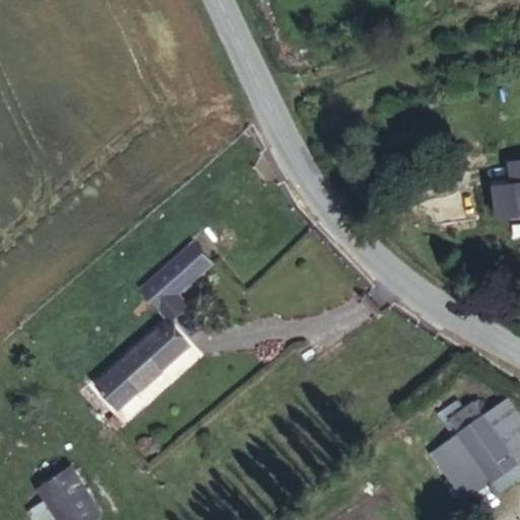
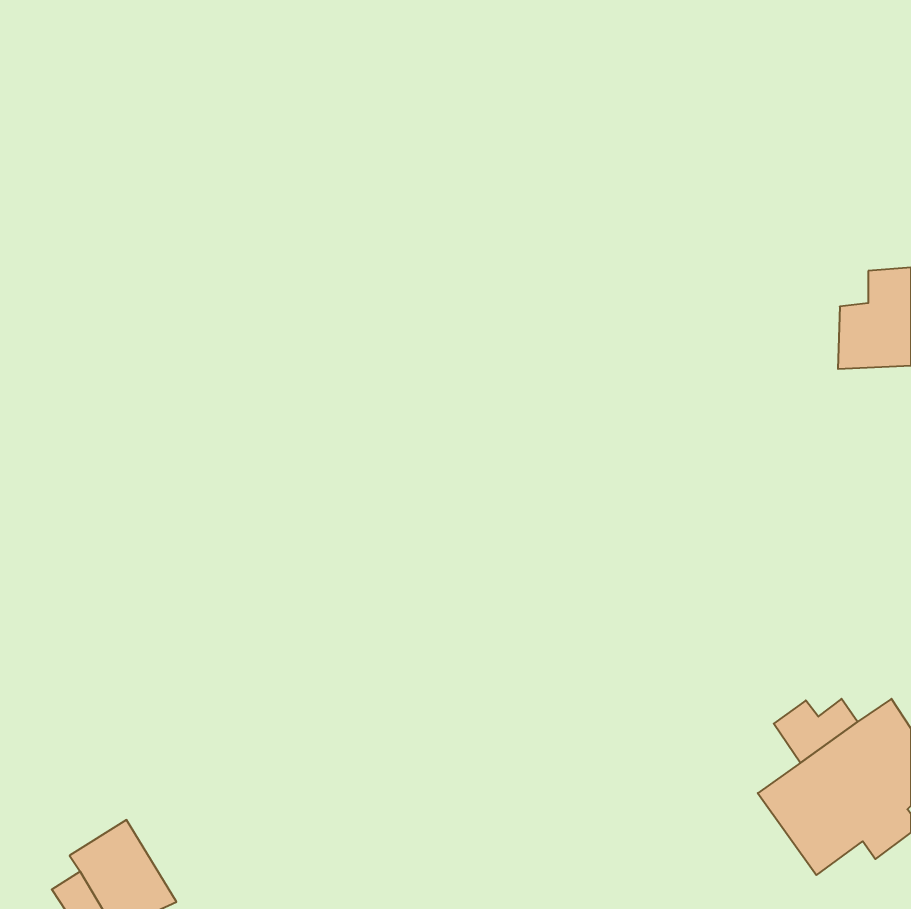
building: [143,245,211,320] -> none
building: [96,325,186,409] -> none

